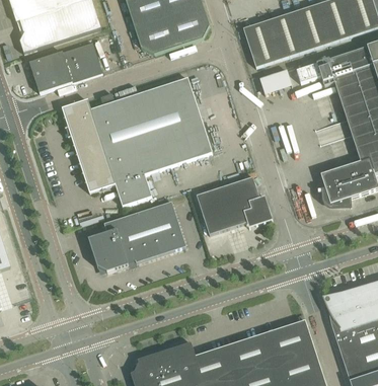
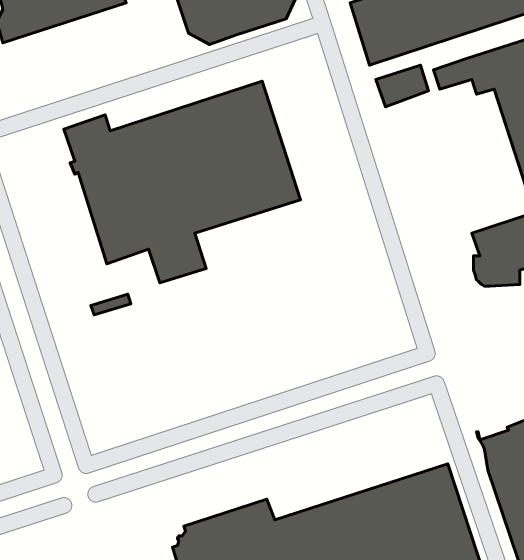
building: [30,41,103,92] -> none
building: [198,176,274,234] -> none
building: [89,201,187,272] -> none

